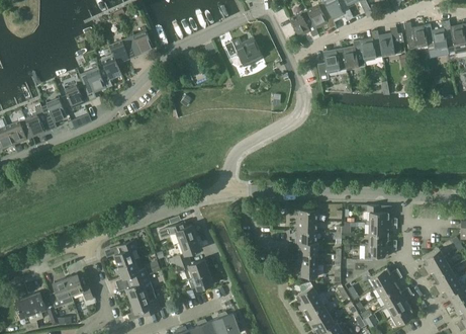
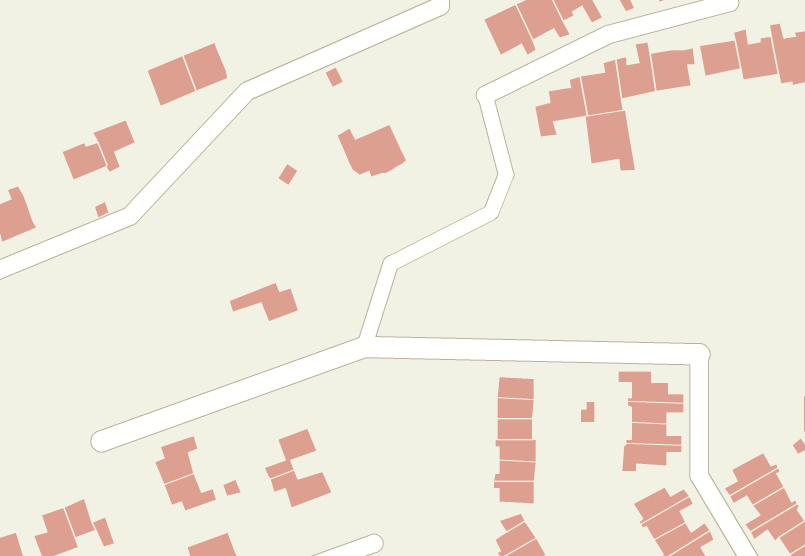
building: [225,37,263,66] -> [337,124,407,177]
building: [99,56,122,87] -> none
building: none -> [585,110,636,171]
building: [41,97,67,126] -> none
building: [159,221,196,242] -> [229,282,299,322]
building: [187,270,213,298] -> none
building: [126,274,154,300] -> none

